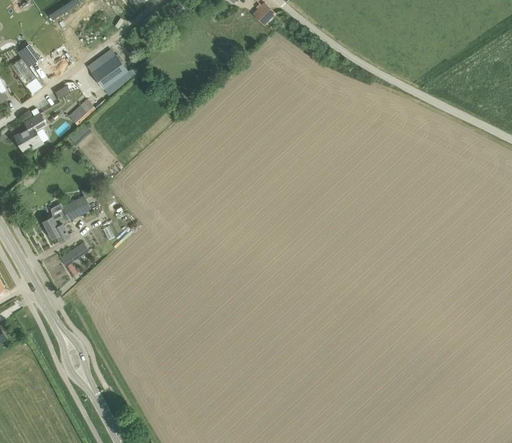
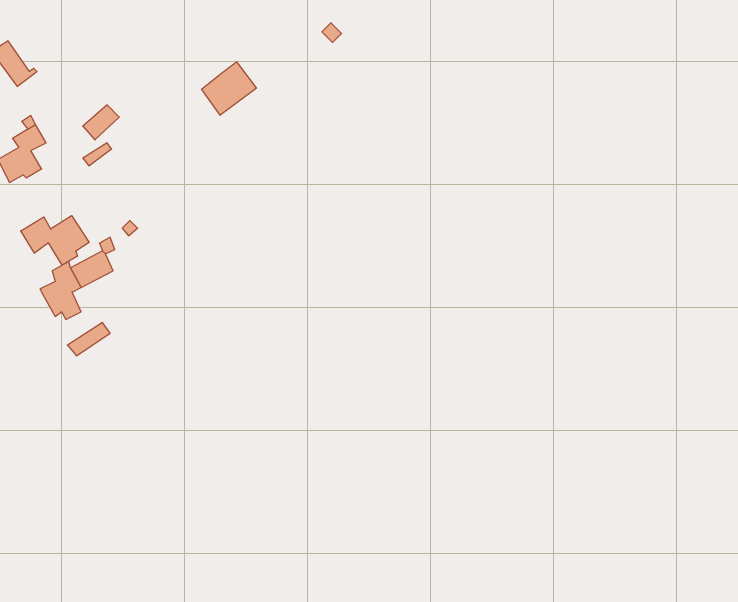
building: [91,54,127,89] -> [202,62,256,115]
building: none -> [21,216,89,265]

